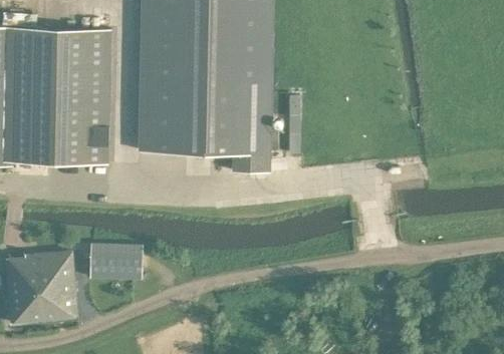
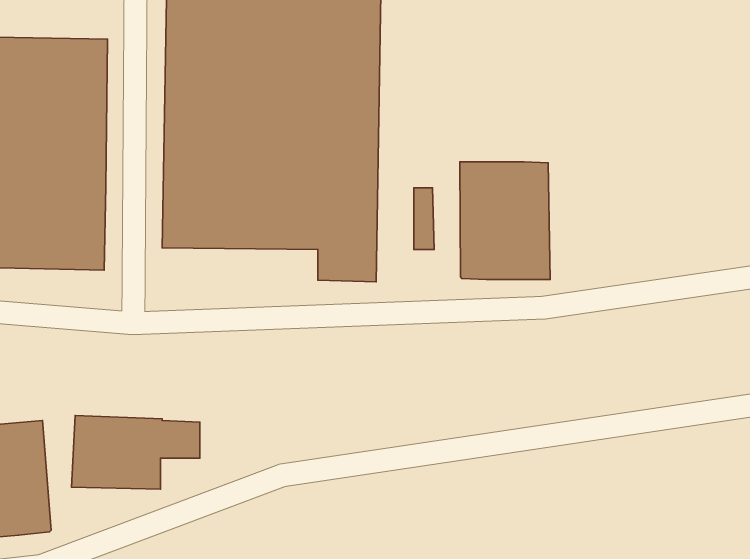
building: none -> [460,162,550,279]

